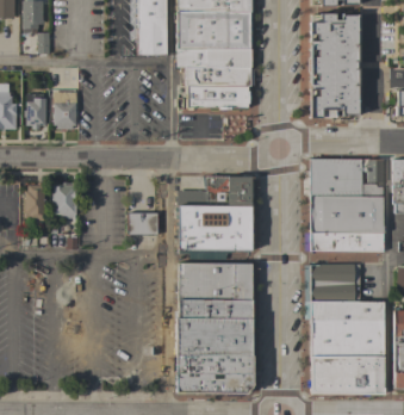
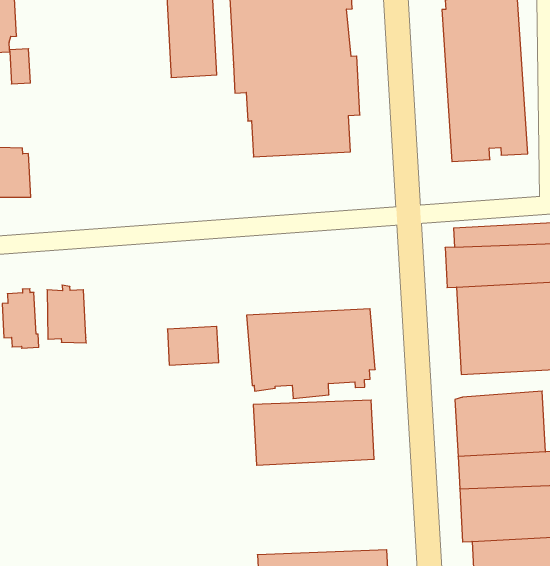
building: [54,92,76,129] -> none
building: [178,174,255,206] -> none
building: [176,301,259,358] -> none

